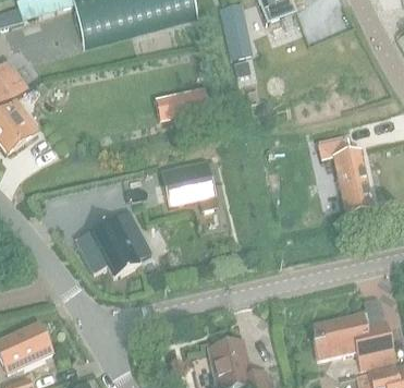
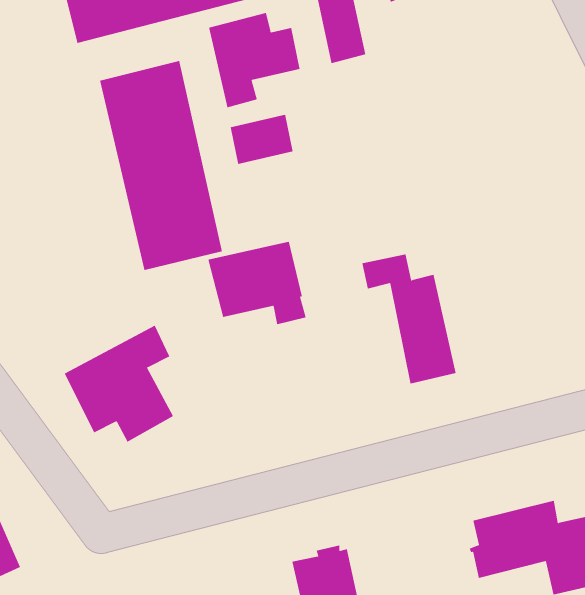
building: none -> [208,12,300,108]
building: none -> [100,60,223,271]
building: [317,138,372,215] -> [361,254,457,384]

